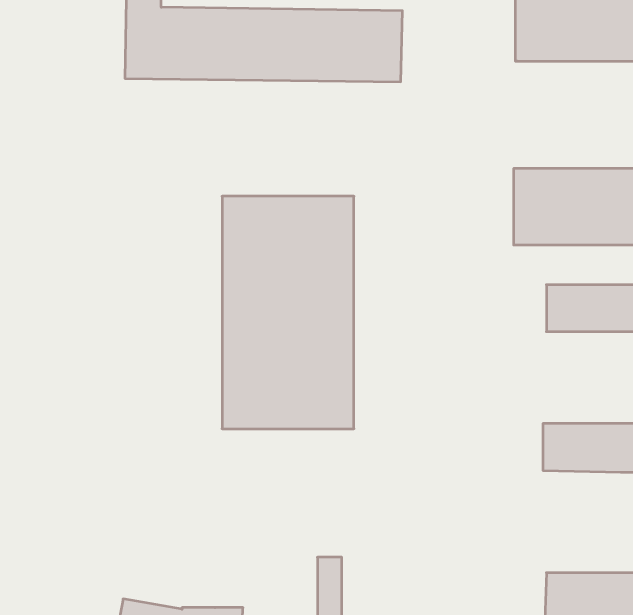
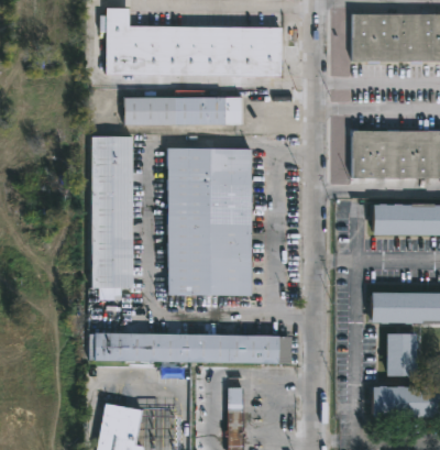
building: none -> [124,96,241,124]
building: none -> [90,135,132,288]
building: none -> [94,332,279,363]
building: none -> [386,332,417,375]

